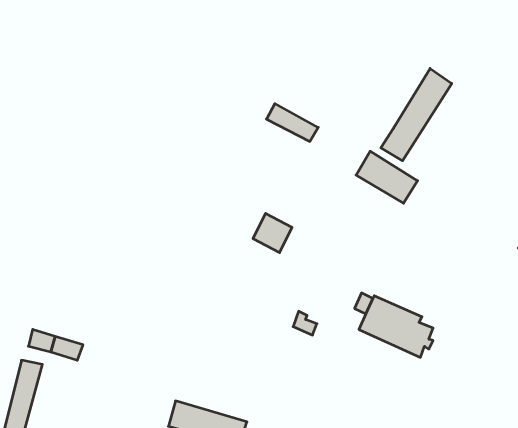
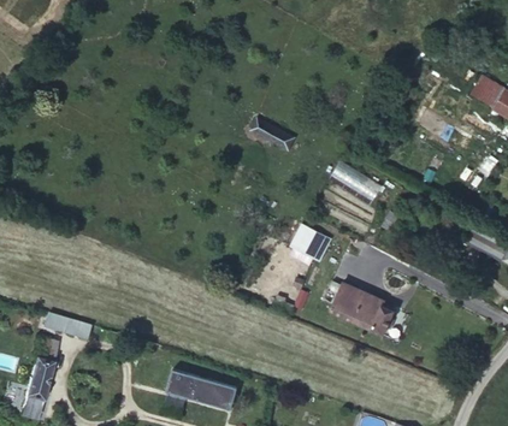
building: [381,68,452,161] -> none
building: [253,213,292,253] -> [294,226,327,260]

